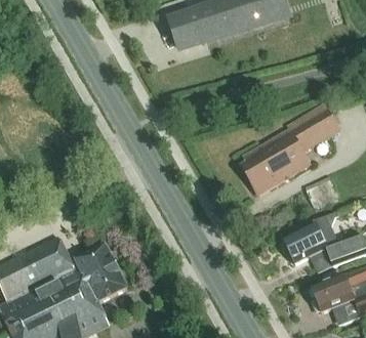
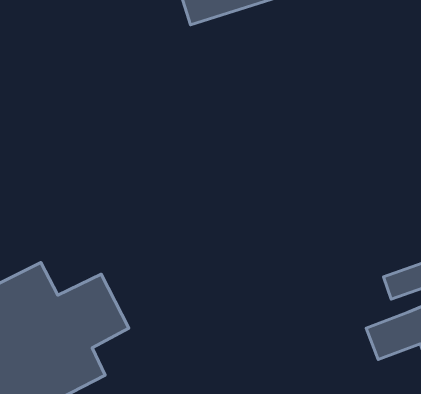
building: [242,102,340,192] -> none
building: [283,212,337,261] -> none

